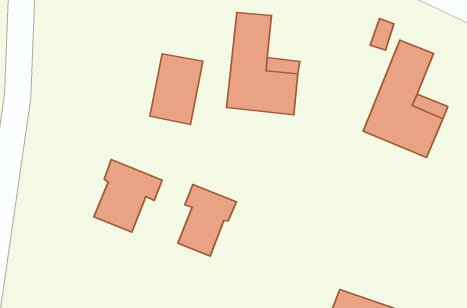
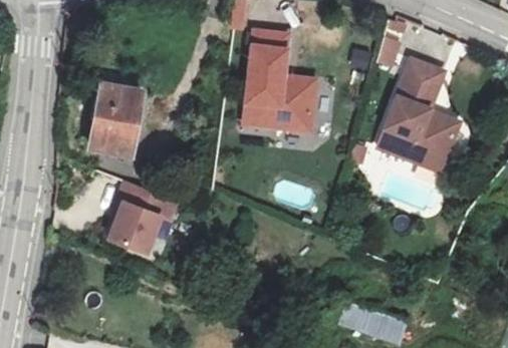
building: [150,54,203,124] -> [92,87,145,156]
building: [178,184,236,256] -> none

